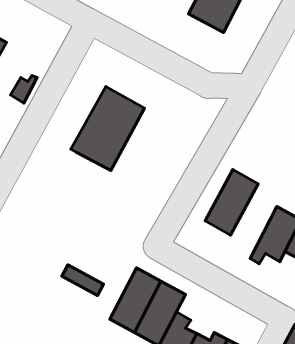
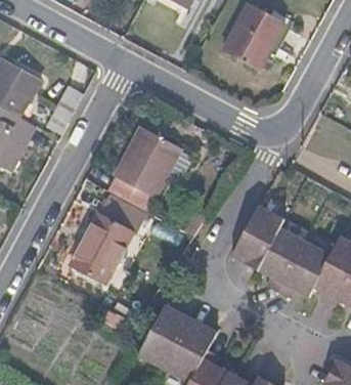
building: none -> [71,190,145,282]
building: none -> [265,231,311,297]

